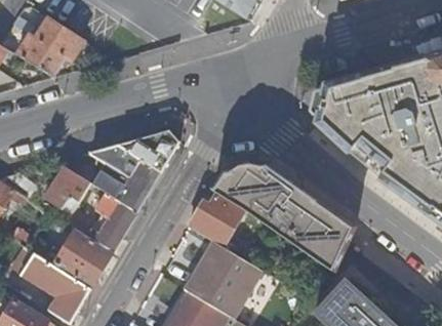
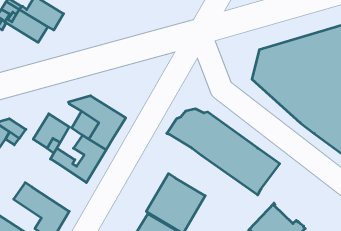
building: [117,129,178,171] -> none
building: [189,192,244,246] -> none
building: [43,228,112,288] -> none

